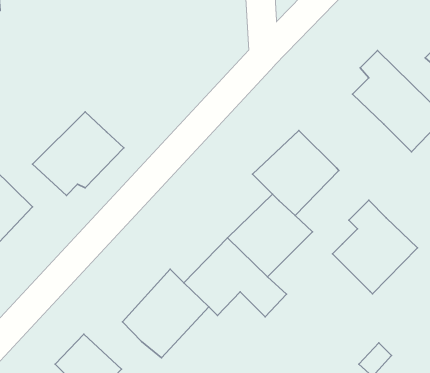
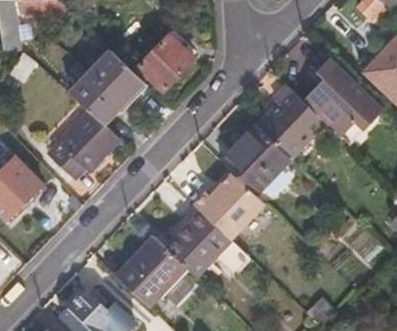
building: none -> [139,28,197,91]
building: none -> [71,52,145,126]
building: [332,200,418,294] -> [258,81,327,157]

